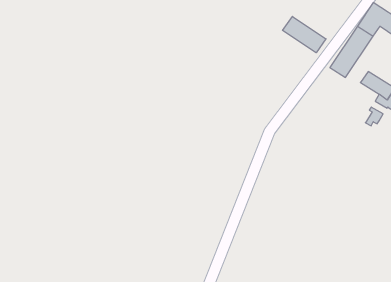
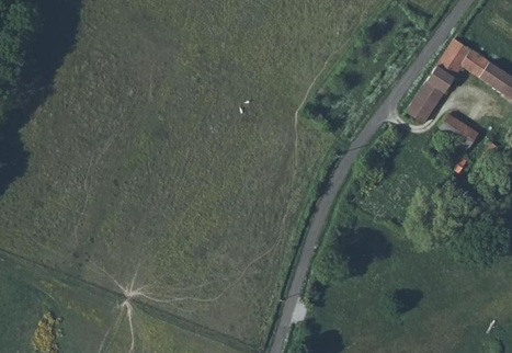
building: [283,16,326,53] -> none

